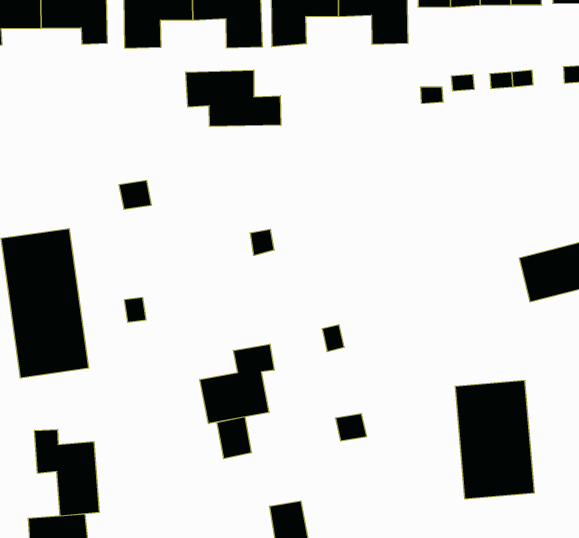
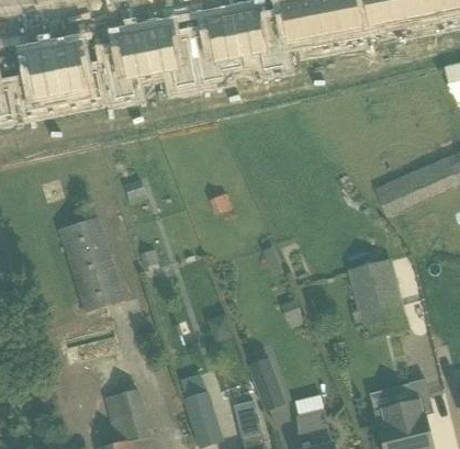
building: [186,70,281,126] -> none
building: [200,344,274,424] -> none
building: [35,429,99,516] -> none

